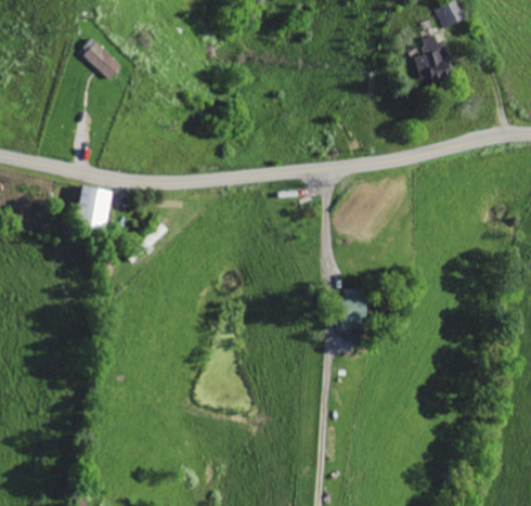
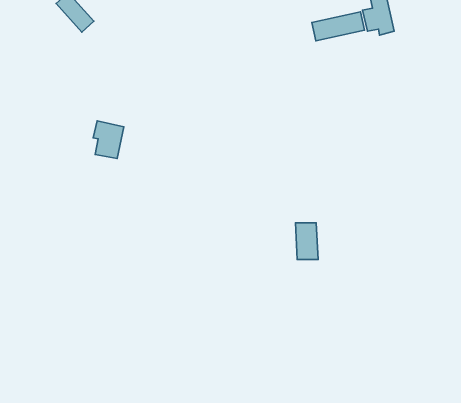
building: none -> [312,12,364,41]
building: [79,185,113,226] -> [93,121,124,159]

